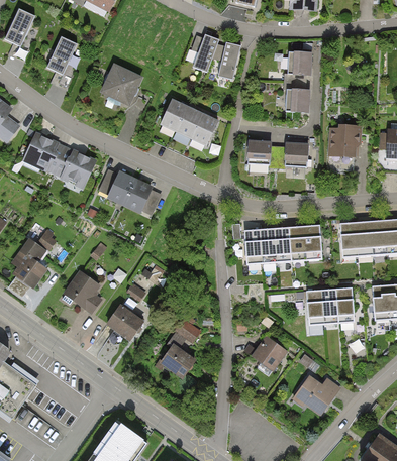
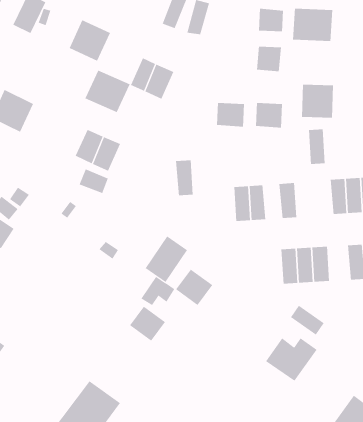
building: none -> [293,8,333,42]
building: [191,114,221,149] -> none
building: [52,145,97,188] -> [85,70,131,113]
building: none -> [79,169,109,194]
building: [341,220,359,255] -> [308,129,326,165]
building: [291,224,309,259] -> none
building: [245,227,264,262] -> [175,160,194,196]
building: [63,269,100,307] -> none
building: none -> [145,236,188,283]
building: [106,304,144,340] -> none
building: [251,336,288,372] -> [175,269,213,306]
building: none -> [290,305,325,335]

